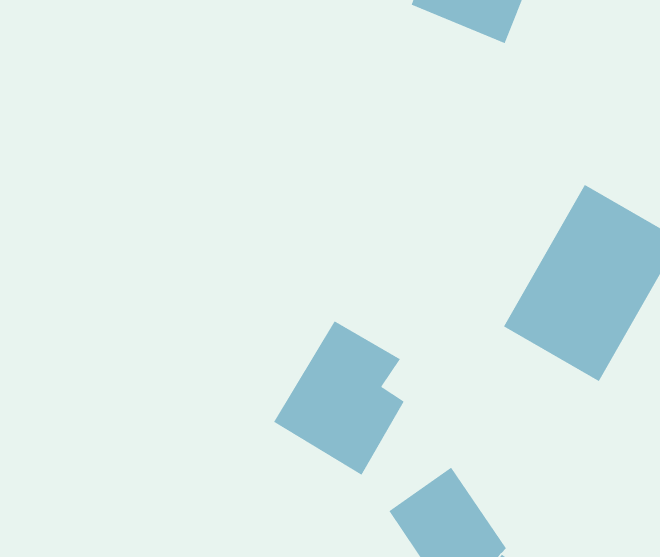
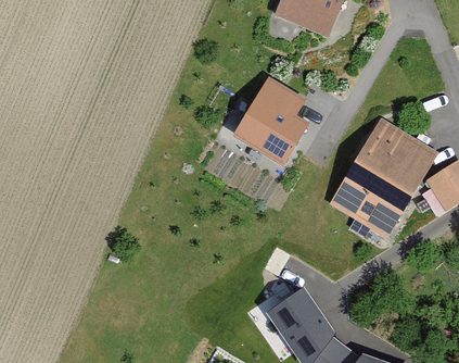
building: [273,320,404,476] -> [230,74,307,165]

